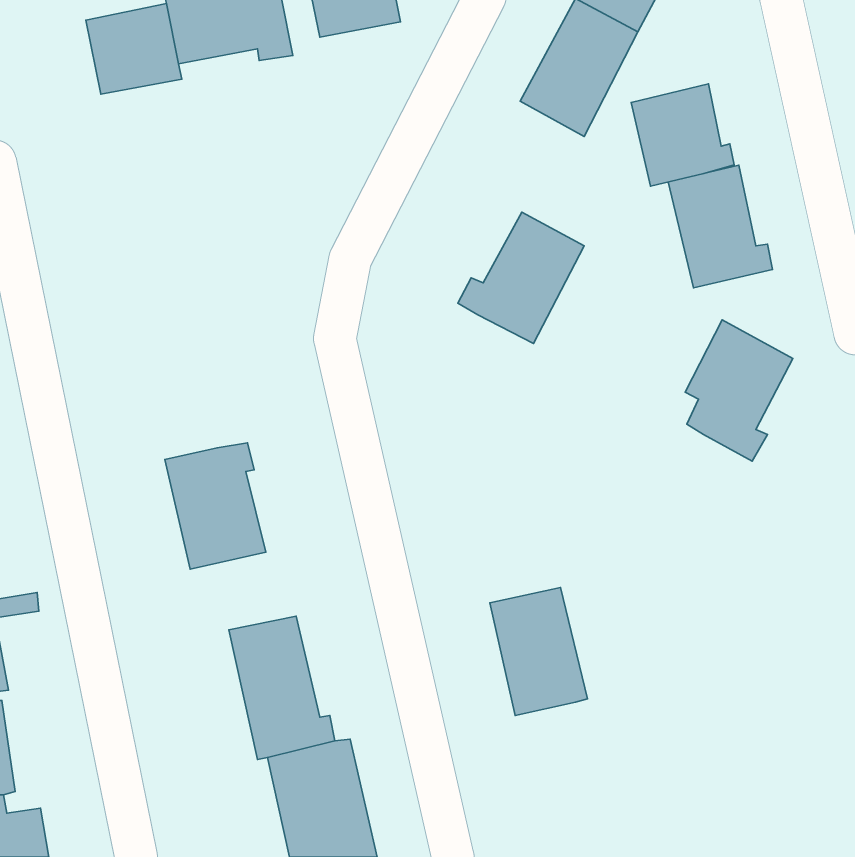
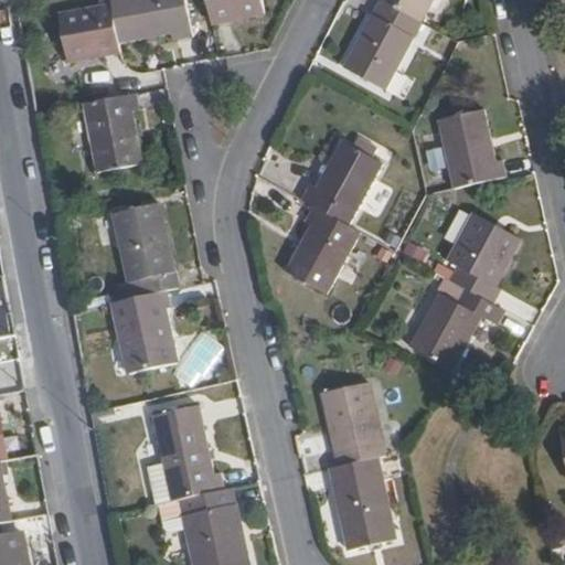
building: [631,84,734,186] -> none
building: none -> [79,92,139,173]
building: none -> [111,202,174,294]
building: none -> [287,206,361,292]
building: none -> [409,285,504,366]
building: none -> [331,460,395,553]

